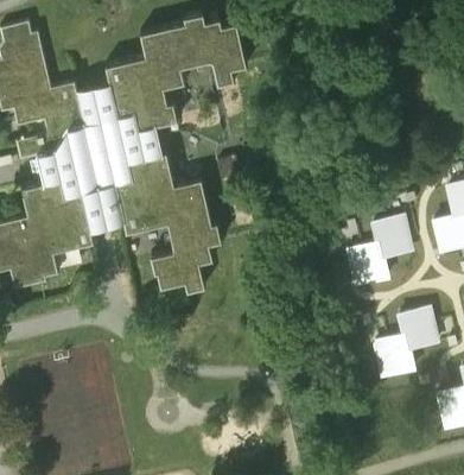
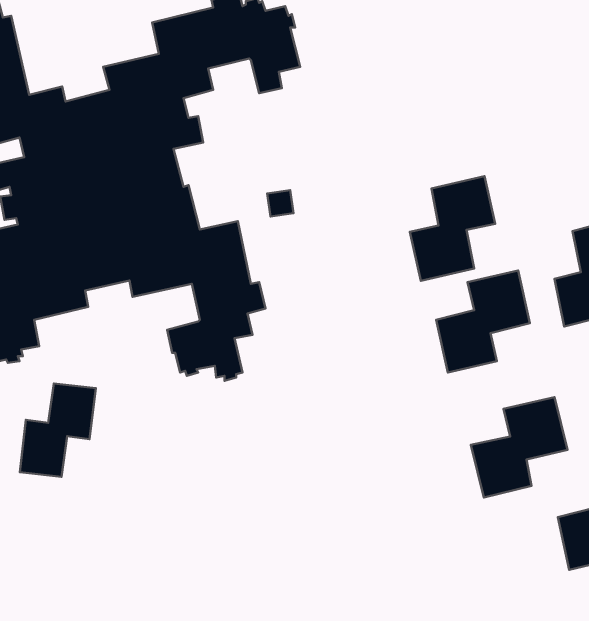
building: none -> [410,176,495,281]
building: none -> [20,384,96,477]

